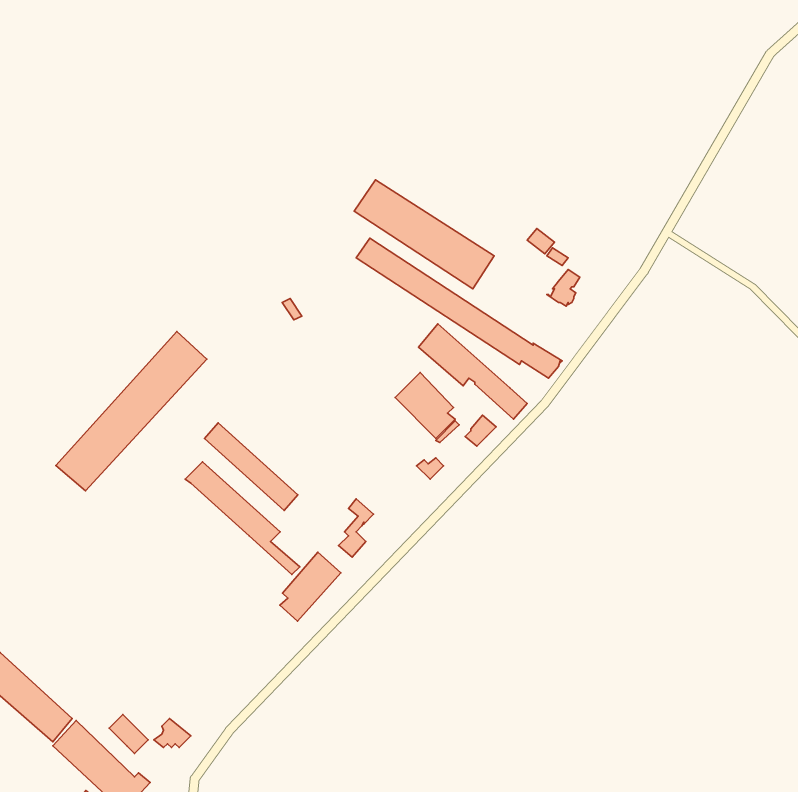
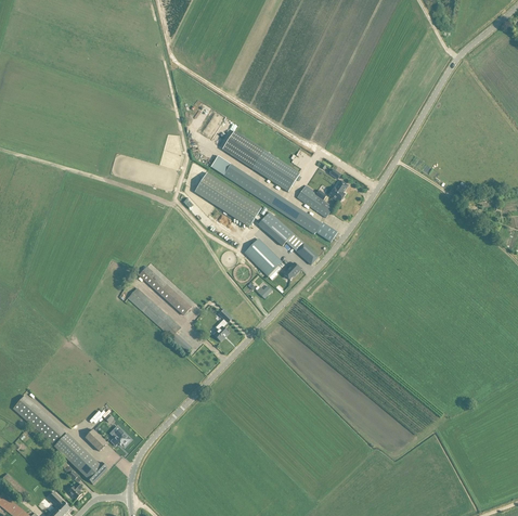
building: none -> [193,171,259,225]
building: none -> [295,184,332,217]
building: [56,332,207,491] -> none
building: [280,552,341,621] -> none

